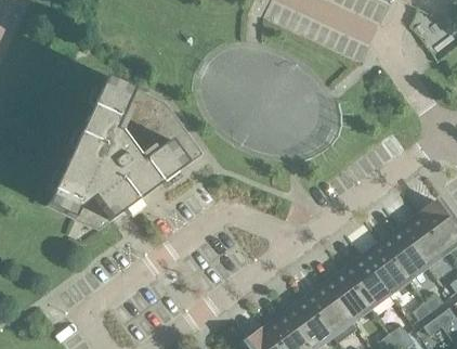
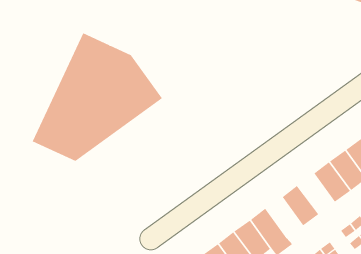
building: [363,243,407,292] -> none
building: [325,271,369,320] -> none

